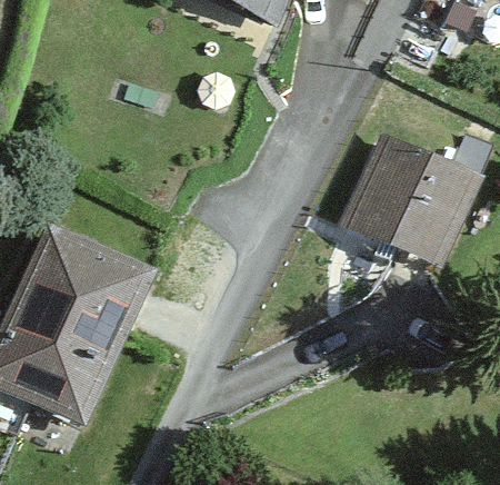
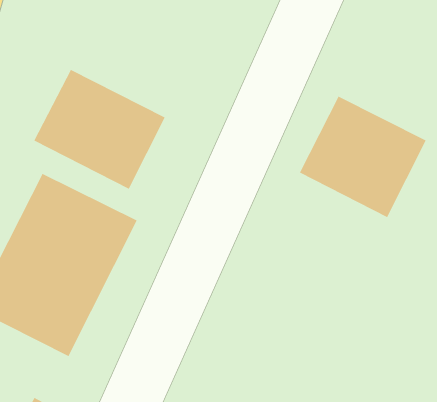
building: none -> [33,69,166,190]

